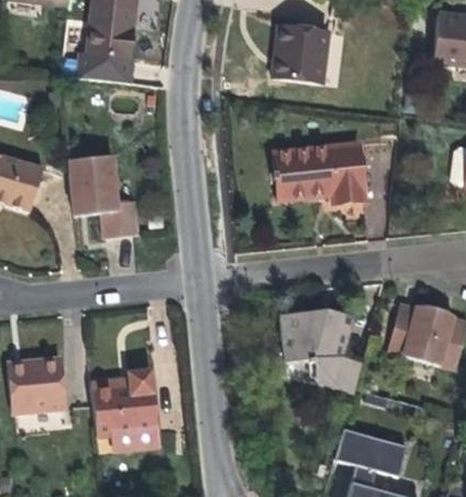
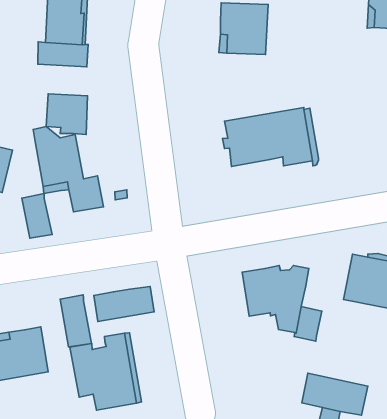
building: none -> [46,94,88,135]
building: none -> [22,194,52,238]
building: none -> [94,287,154,322]
building: none -> [60,295,92,347]

